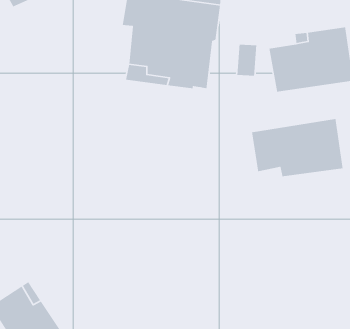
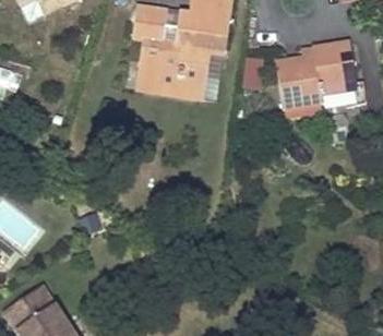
building: [251,118,344,177] -> none

